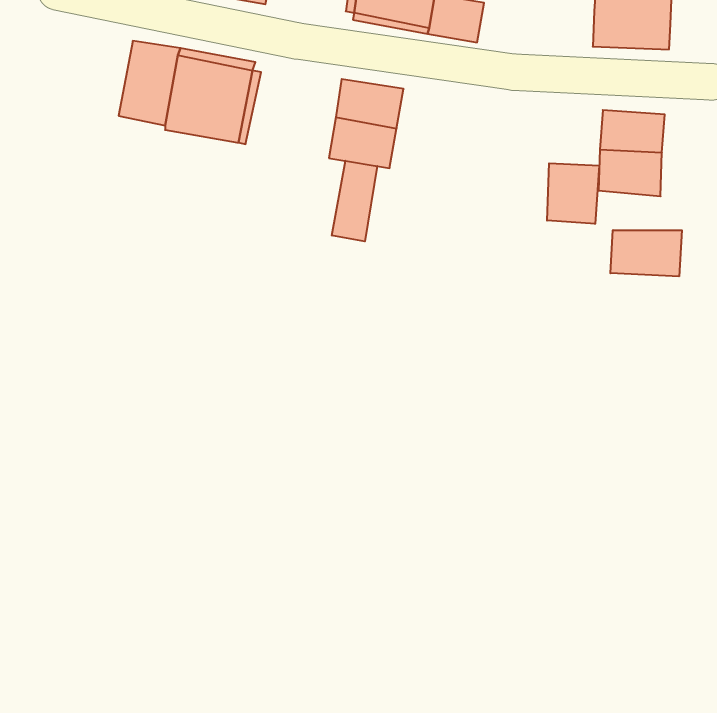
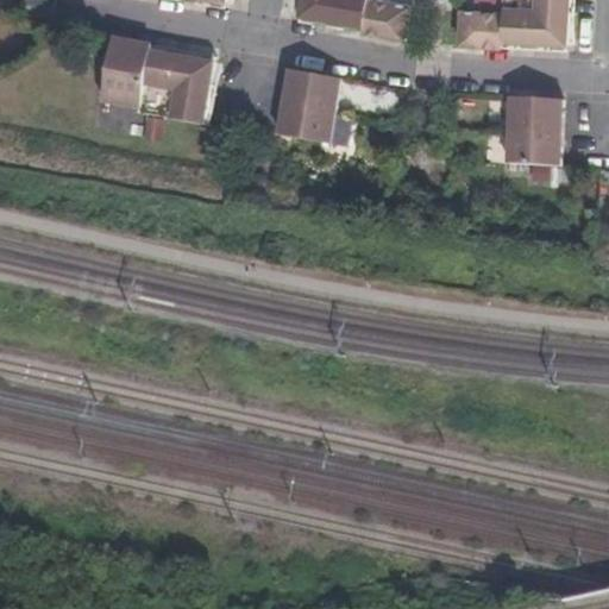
building: none -> [457,7,501,44]
building: [332,161,377,241] -> none
building: [547,163,599,224] -> none
building: [610,230,682,276] -> none

